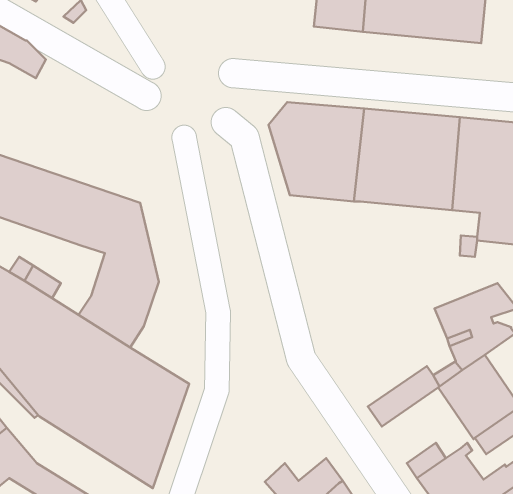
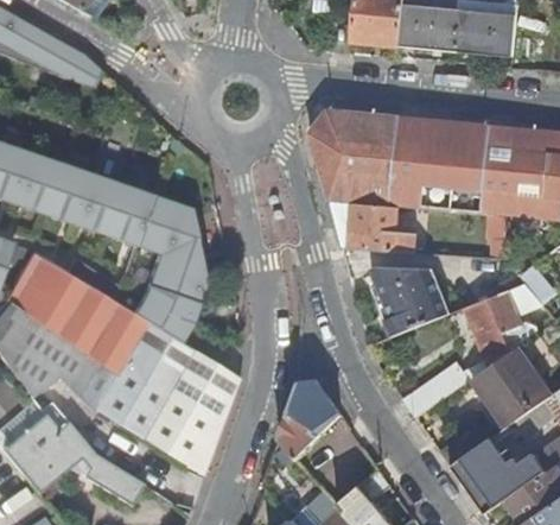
building: none -> [330,198,416,251]
building: none -> [373,266,451,335]
building: none -> [280,379,344,458]

